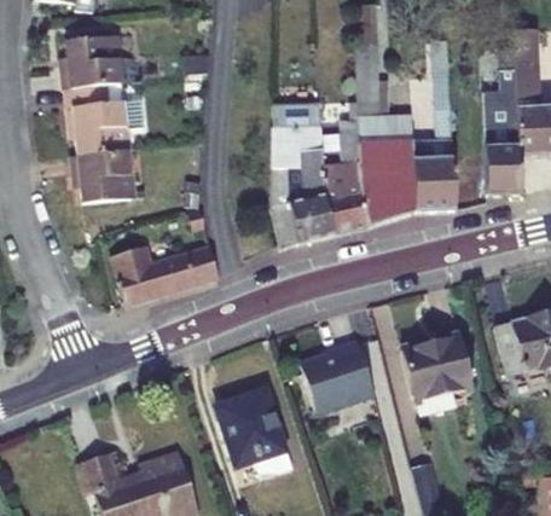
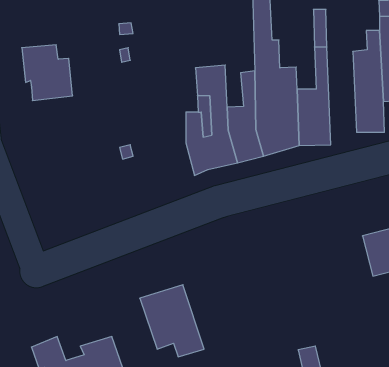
building: [63,35,122,88] -> none
building: [72,149,135,202] -> none
building: [112,244,220,303] -> none
building: [399,330,475,416] -> none
building: [298,342,372,412] -> none

